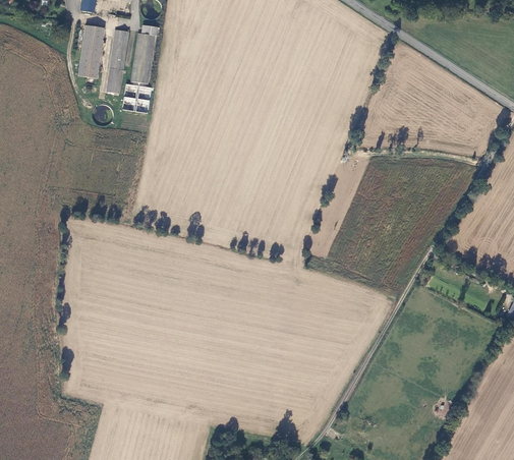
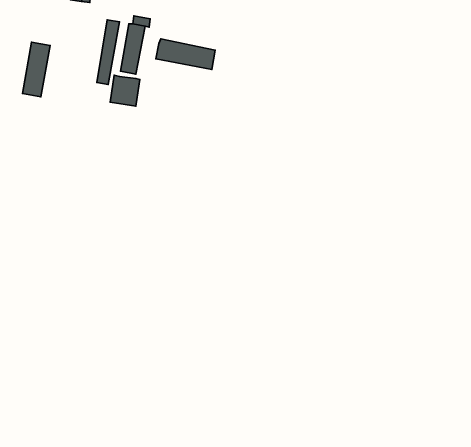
building: [76,24,104,78] -> [22,42,50,97]
building: none -> [156,39,215,70]

